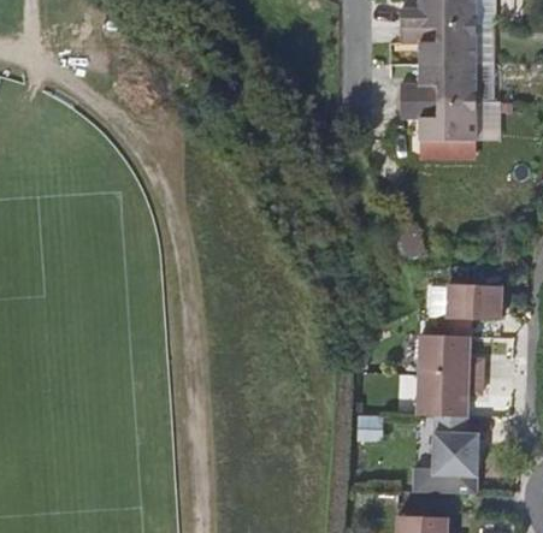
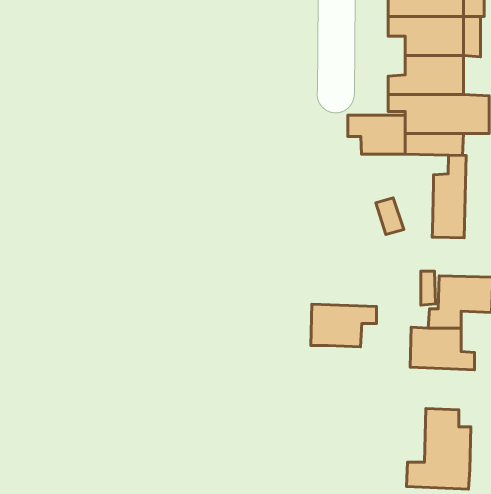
building: none -> [348,115,405,154]
building: none -> [432,155,466,238]
building: [419,373,484,415] -> [311,304,376,347]

